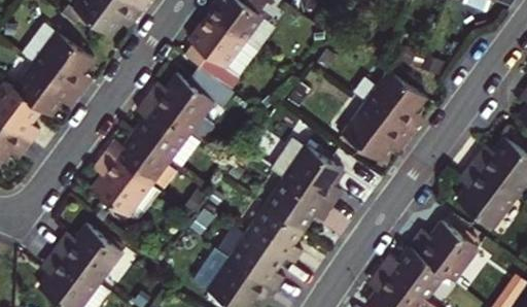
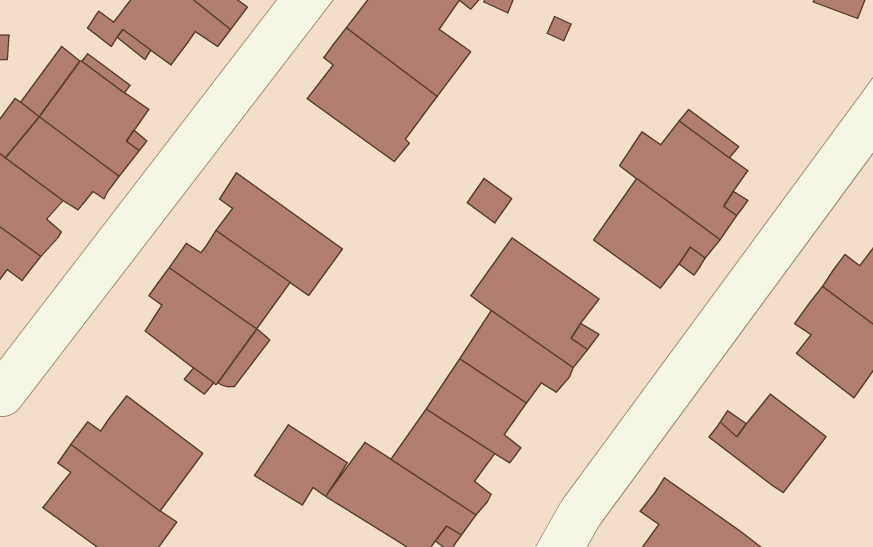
building: [143,57,233,142] -> none
building: none -> [254,425,347,505]
building: [380,244,440,297] -> none

